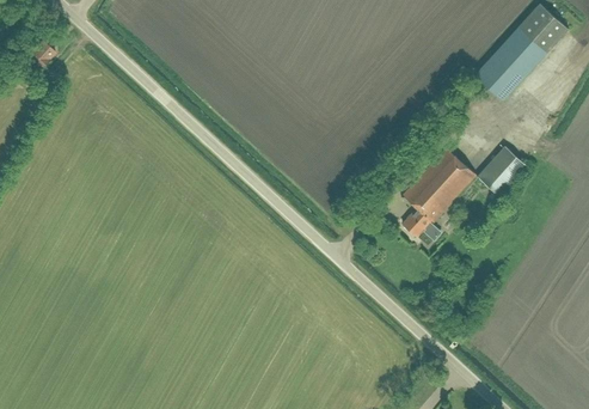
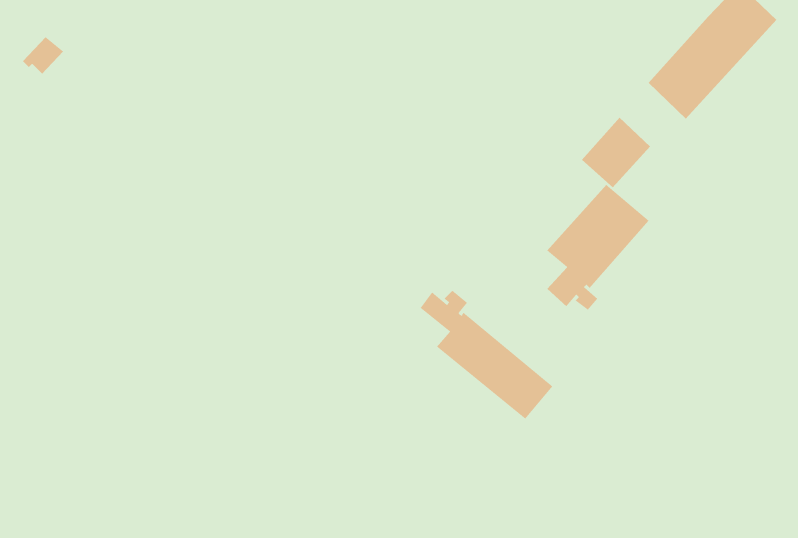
building: [478,145,528,196] -> [581,117,651,188]
building: none -> [420,290,553,419]

